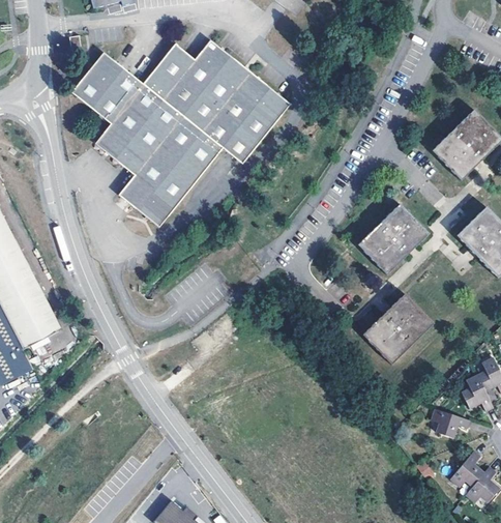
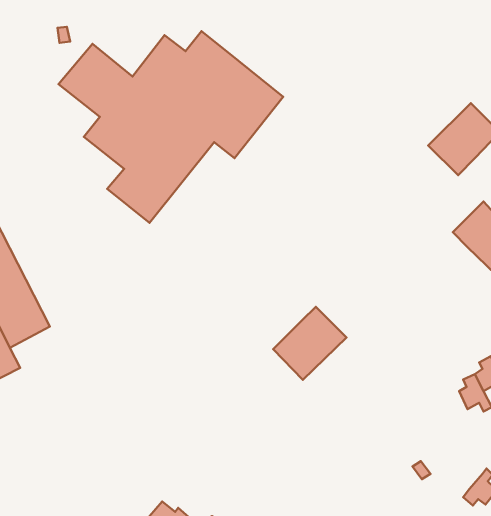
building: [357,203,429,274] -> none
building: [362,293,434,365] -> [273,307,346,380]
building: [431,409,469,438] -> none
building: [450,452,484,487] -> none

